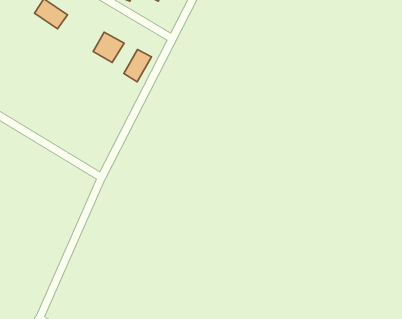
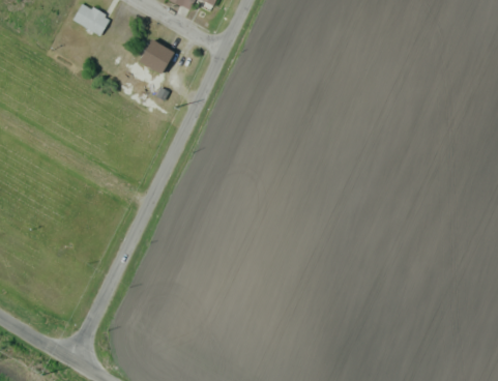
building: [124,50,151,82] -> none

